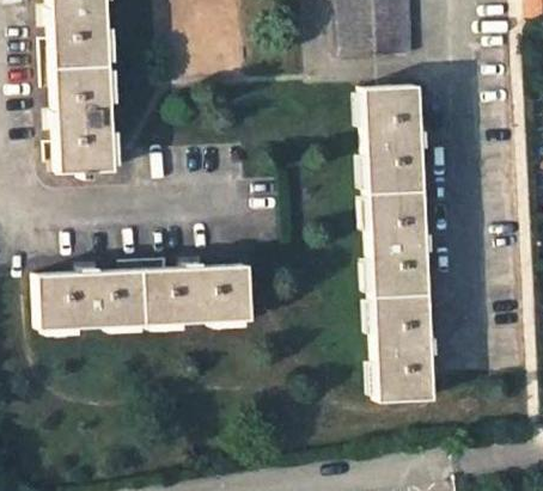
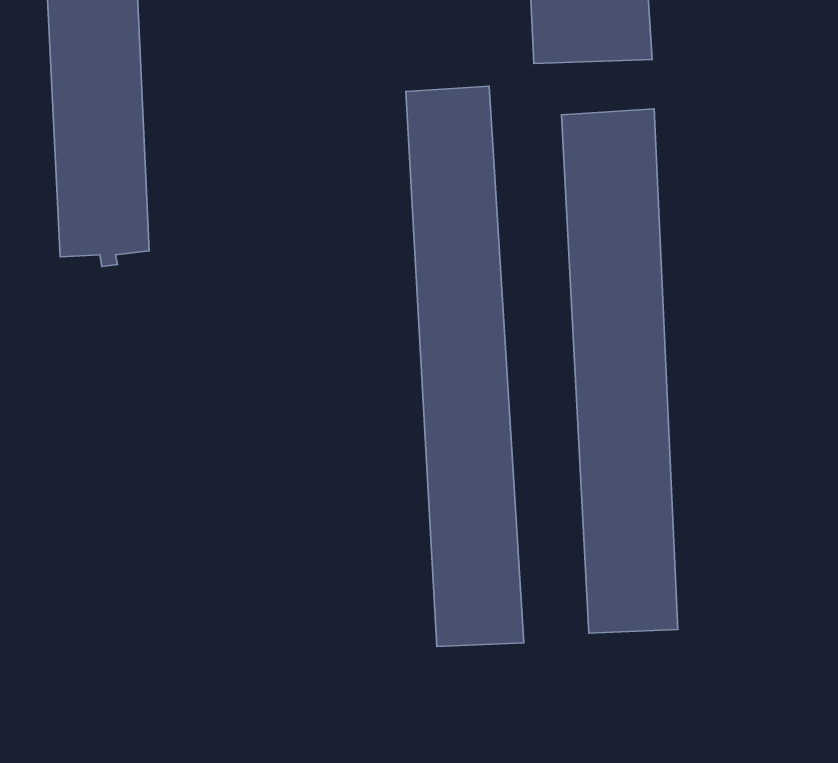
building: none -> [406,86,524,647]
building: [37,263,252,331] -> none

